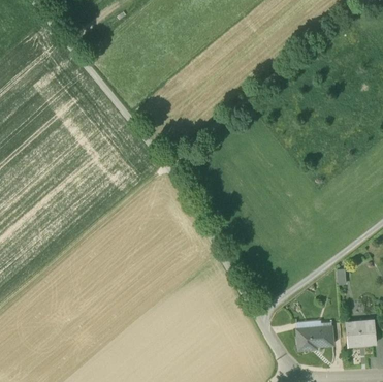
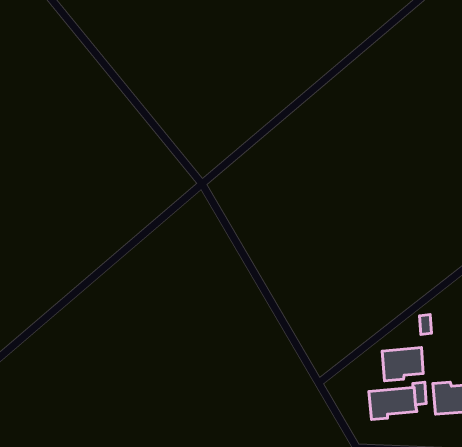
building: none -> [382,348,423,381]

